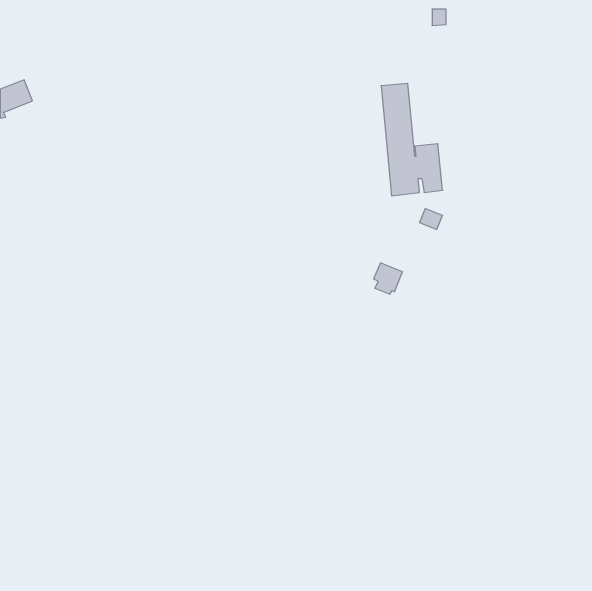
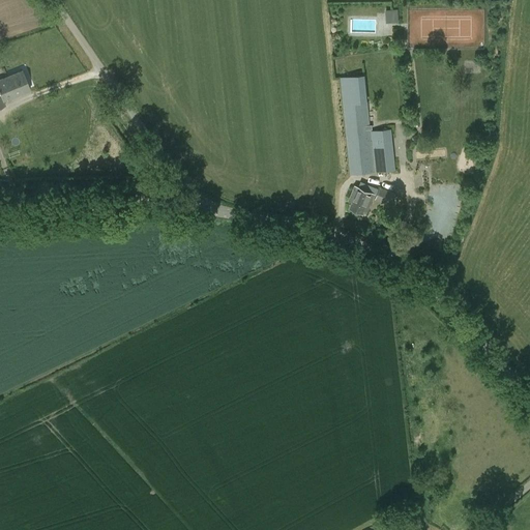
building: [374,263,403,294] -> [348,186,374,214]

